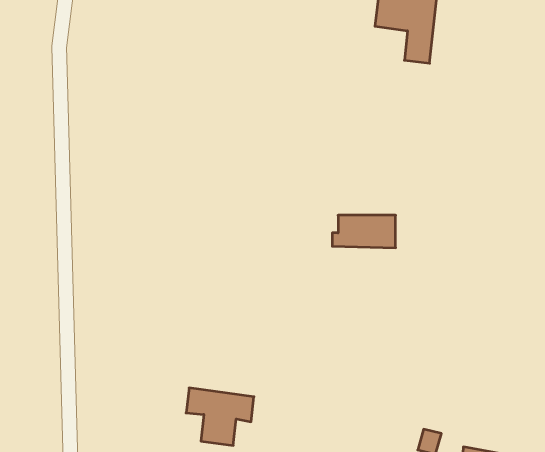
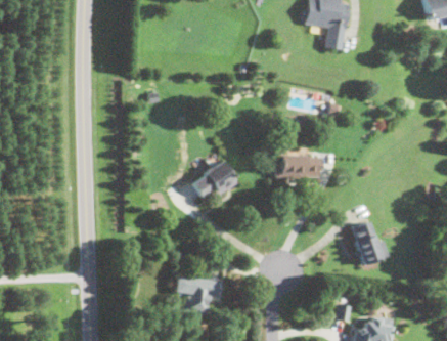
building: none -> [191,161,237,197]
building: none -> [351,220,389,264]

